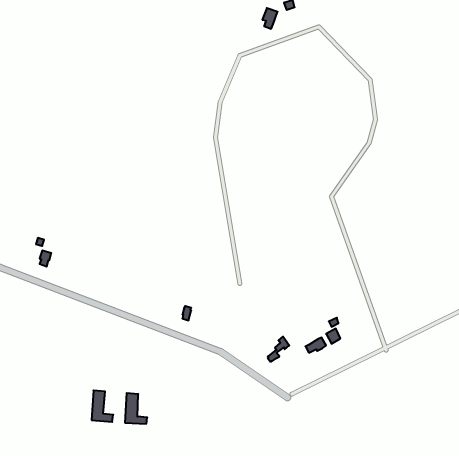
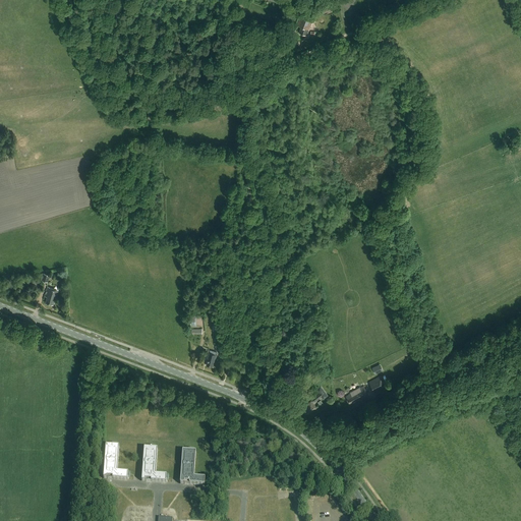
building: none -> [180,448,205,483]

